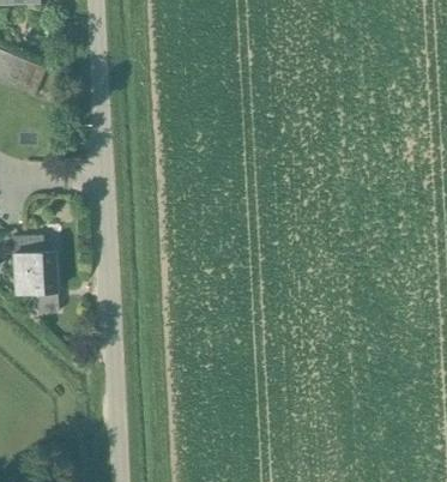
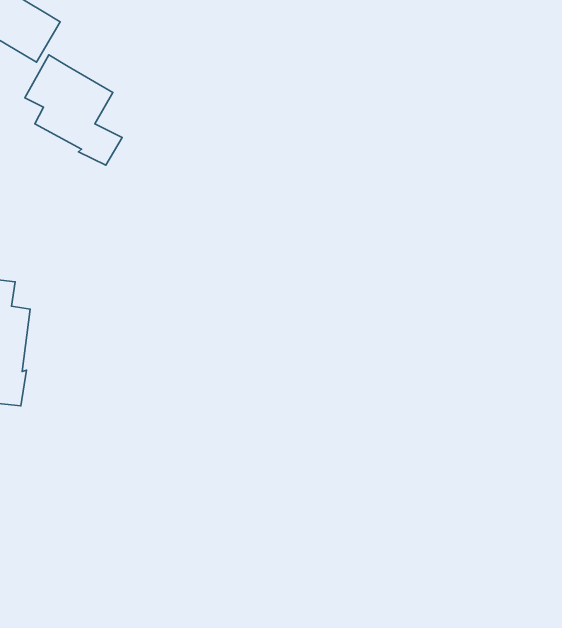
building: none -> [25,55,122,165]

